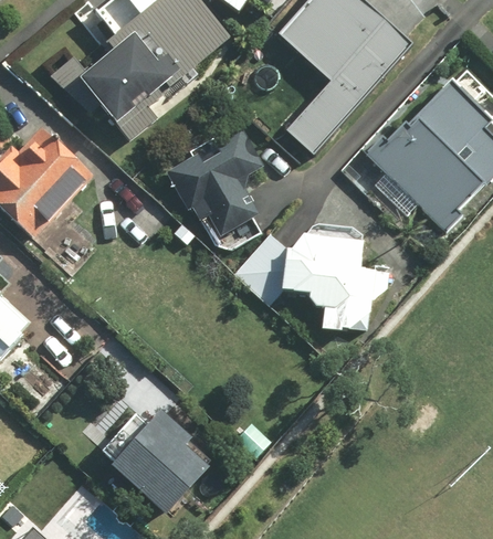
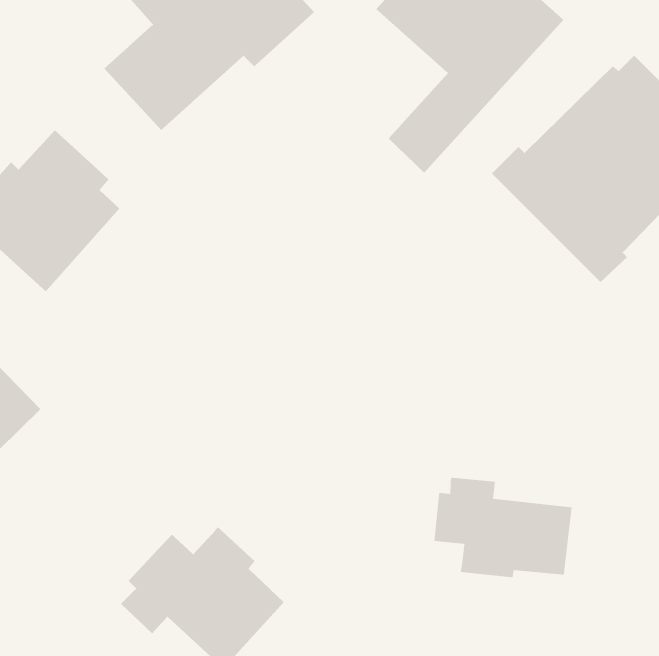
building: [164,131,266,251] -> none
building: [231,232,388,329] -> none
building: none -> [434,477,572,578]

